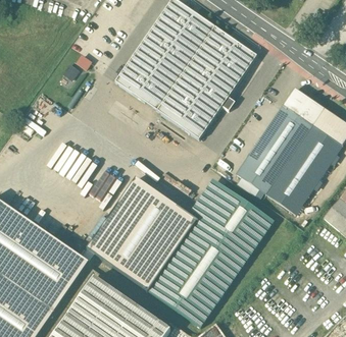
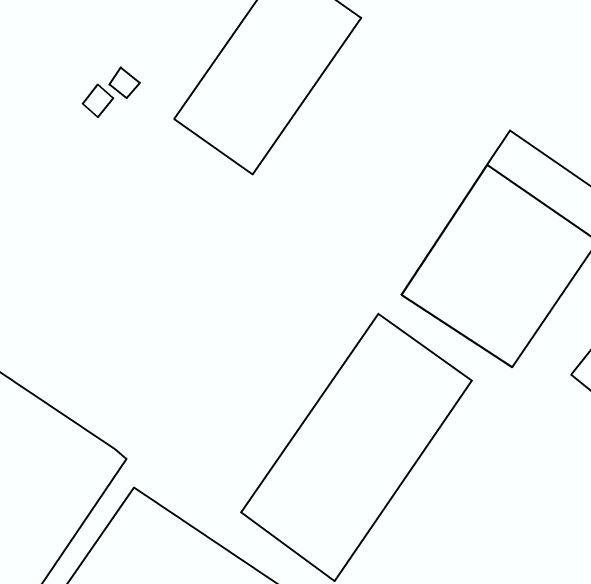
building: [155,25,255,137] -> none
building: [82,176,223,289] -> none

